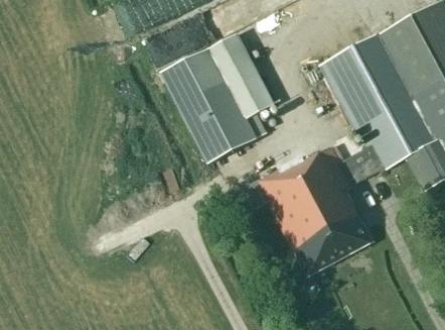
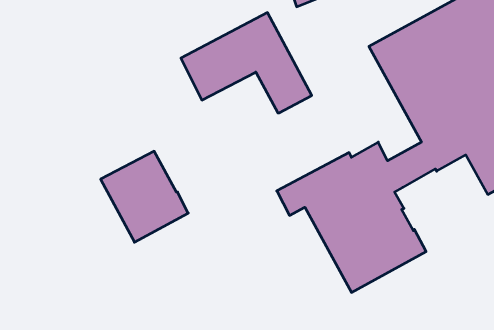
building: [179,84,255,162] -> [101,151,188,242]

